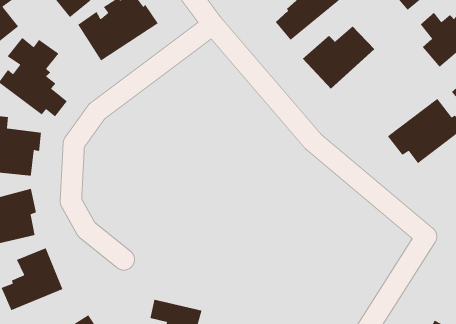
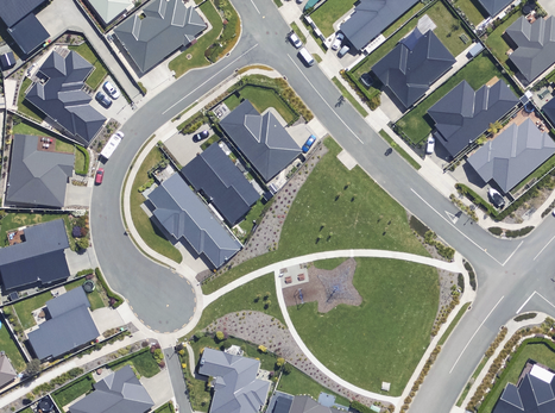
building: none -> [428,81,518,155]
building: none -> [219,98,301,177]
building: none -> [149,142,264,268]

